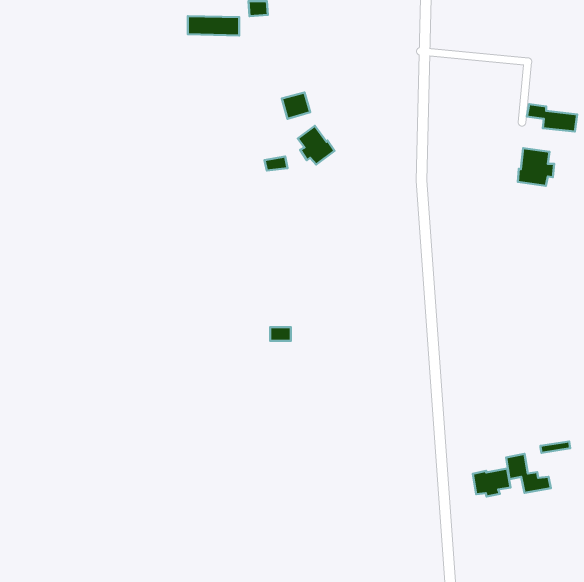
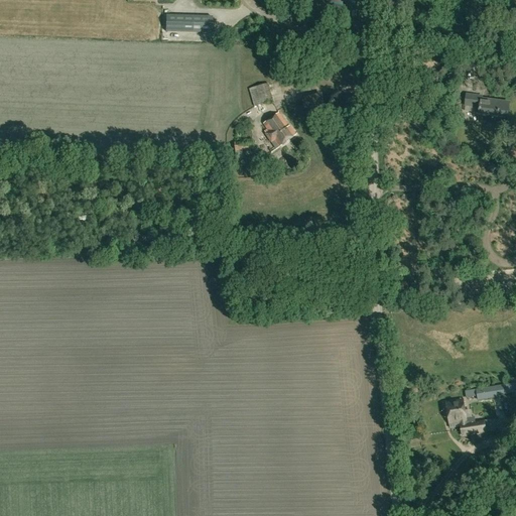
building: [518,148,554,186] -> none
building: [473,468,510,497] -> none

